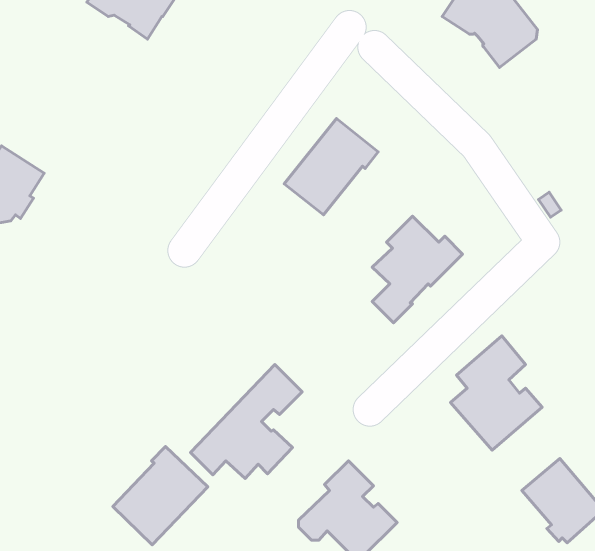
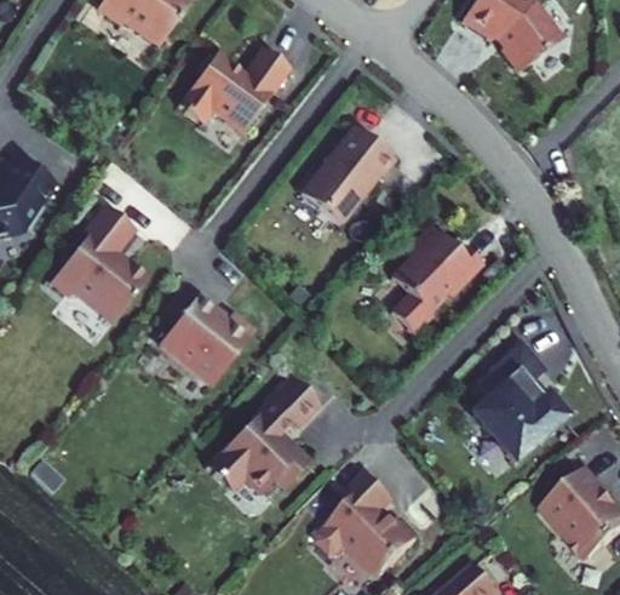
building: none -> [178,48,291,133]
building: none -> [51,205,148,321]
building: none -> [159,292,254,383]
building: [113,446,208,545] -> none

